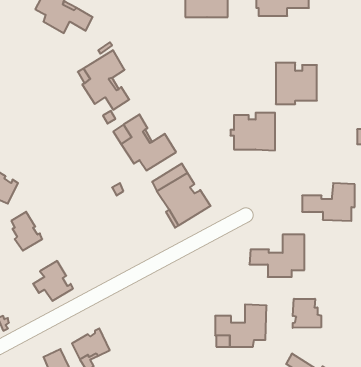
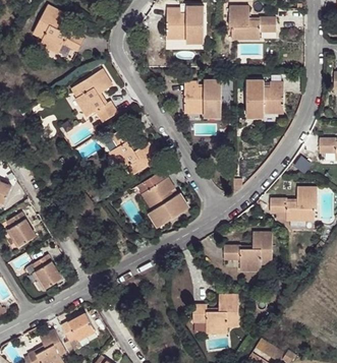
building: [230,113,275,150] -> [180,79,220,113]
building: [293,299,321,328] -> none

